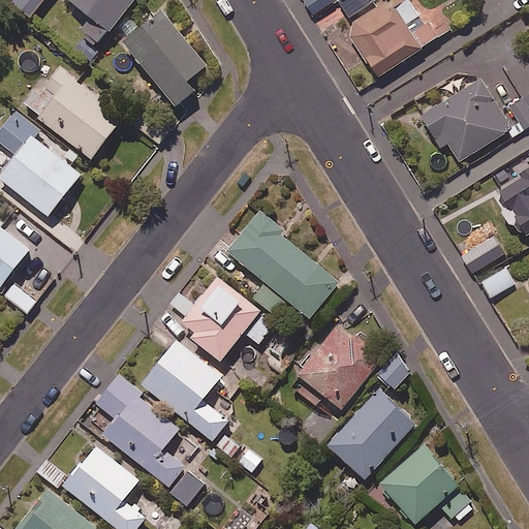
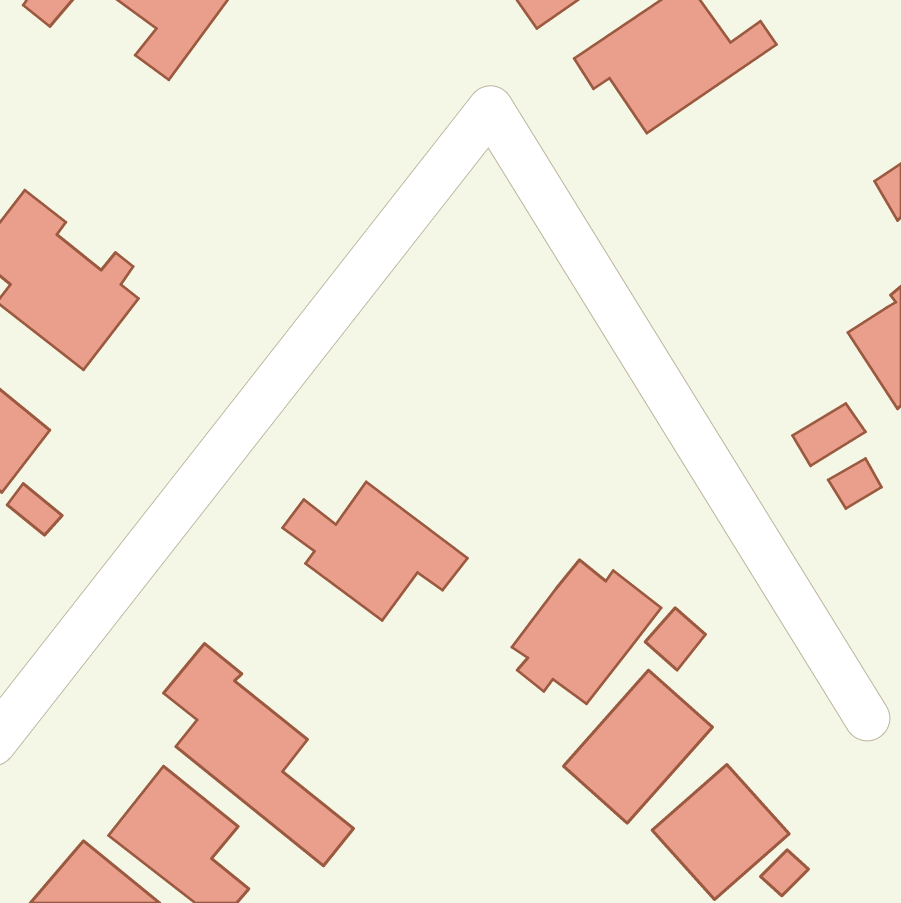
building: [122,9,206,105] -> none
building: [21,65,123,159] -> none
building: [421,79,510,160] -> none
building: [226,210,339,318] -> none
building: [142,340,238,455] -> none

